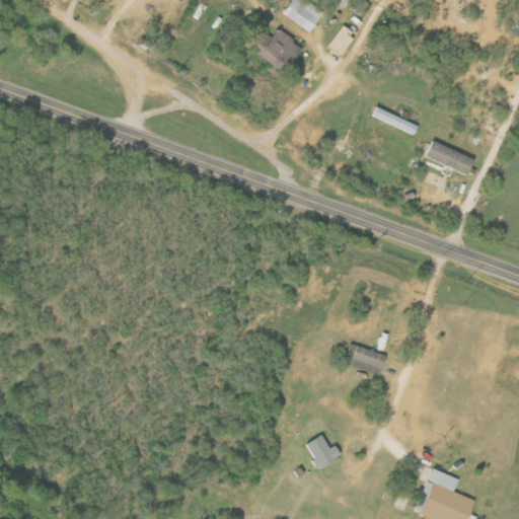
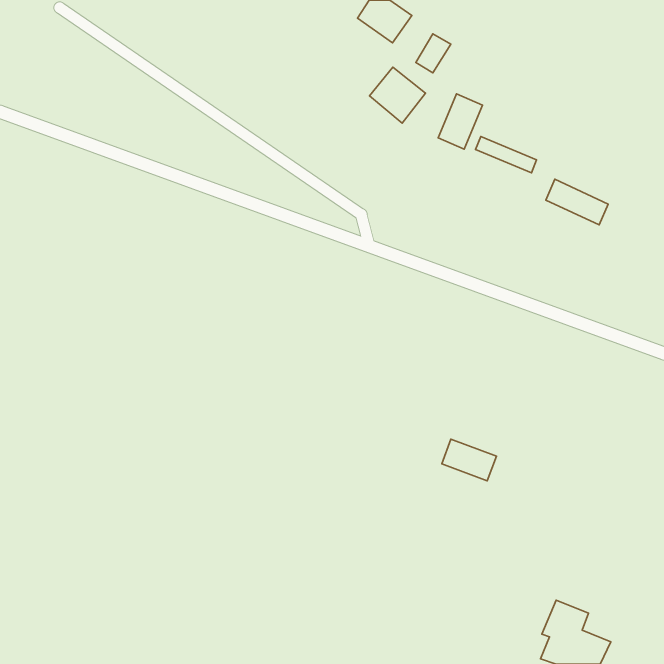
building: [255,28,299,72] -> [370,67,425,123]
building: none -> [438,94,483,149]
building: [306,435,343,469] -> none

